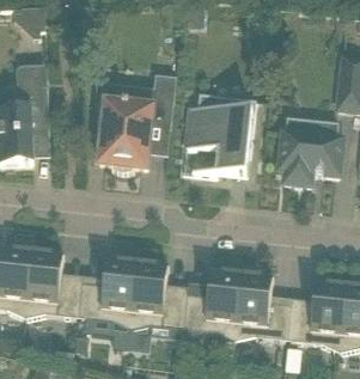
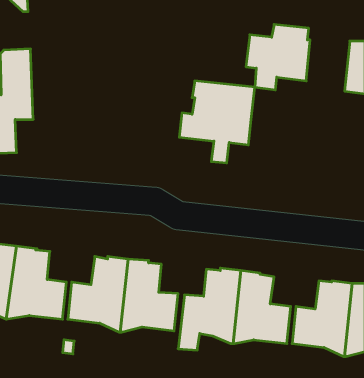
building: [96,73,175,170] -> none
building: [279,118,338,179] -> [246,24,310,90]

